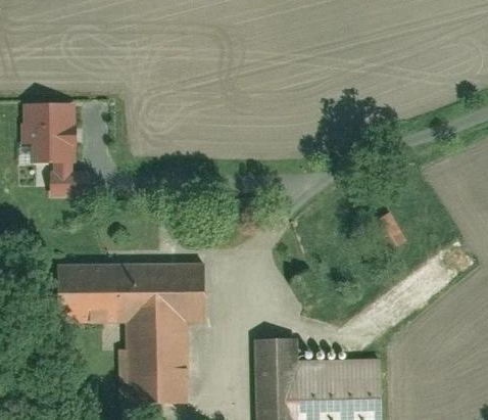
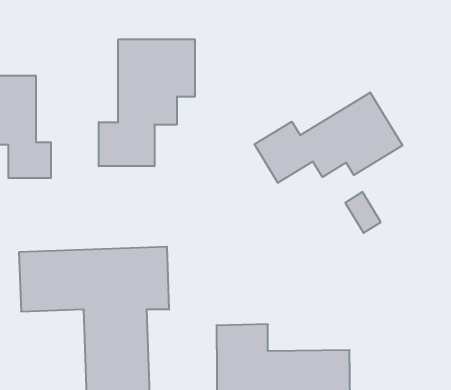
building: none -> [99,39,195,166]
building: none -> [254,92,402,183]

